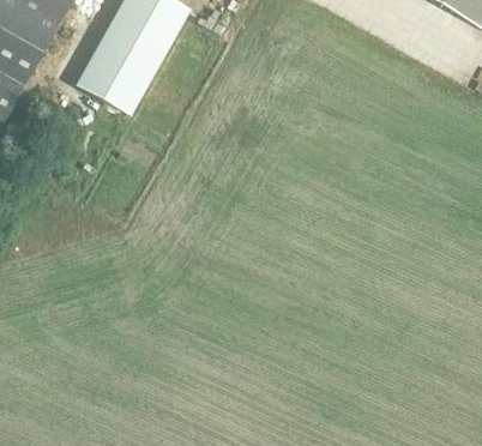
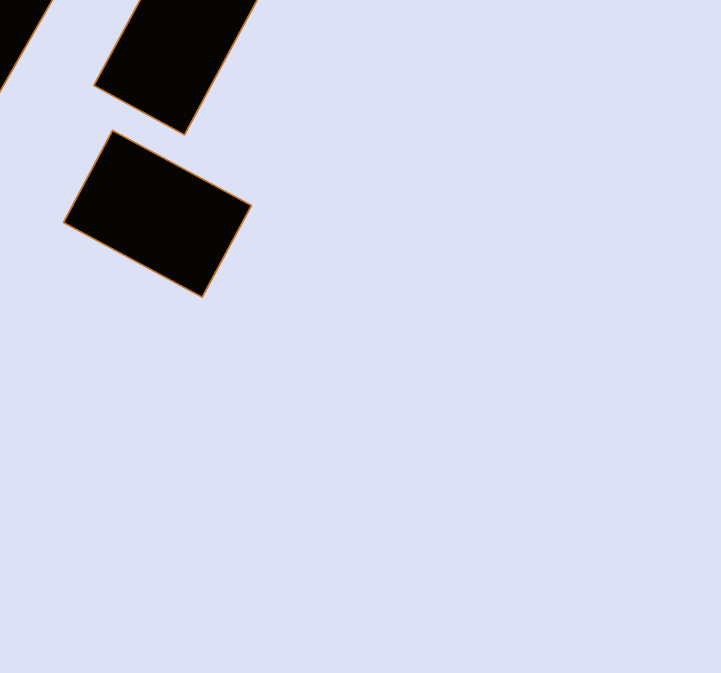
building: none -> [63,131,251,297]

